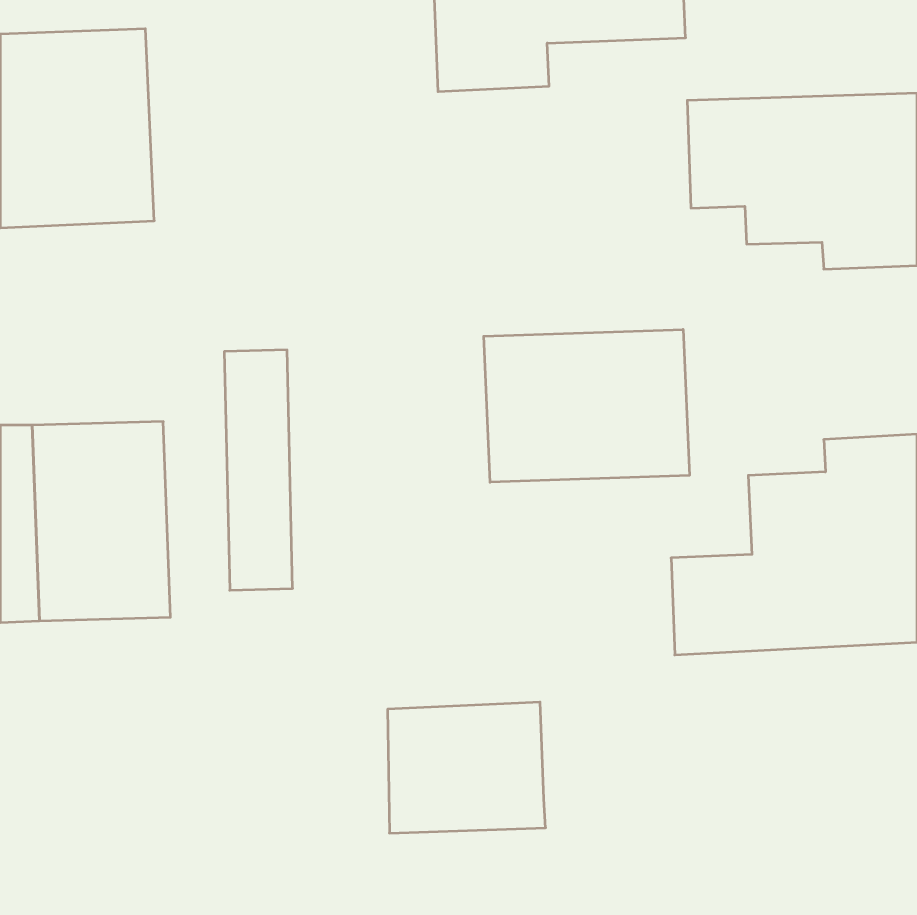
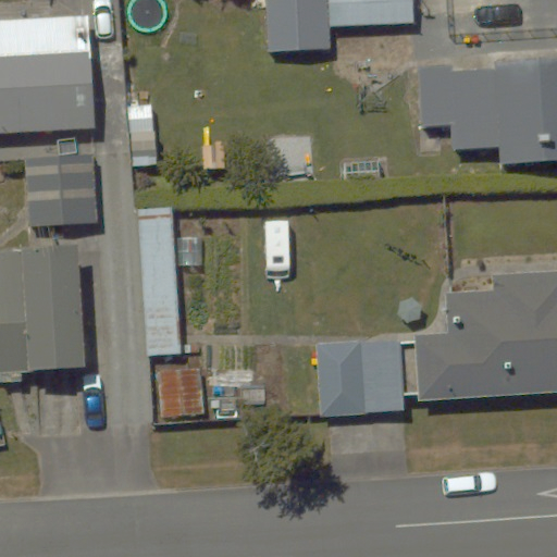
building: none -> [24,152,100,222]
building: [484,329,689,482] -> none
building: [388,702,546,833] -> [314,338,410,418]

